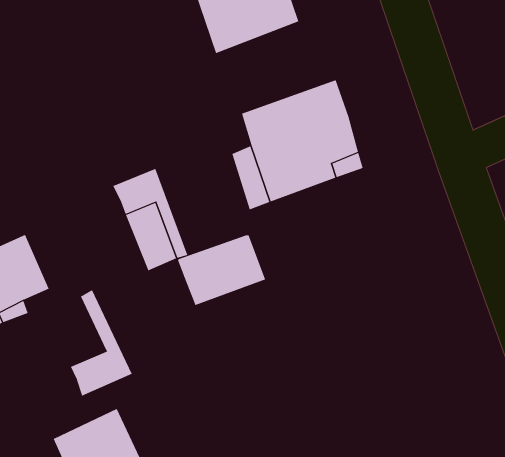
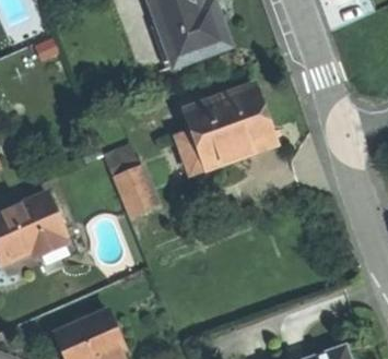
building: [177,234,266,306] -> none
building: [70,289,133,397] -> none

